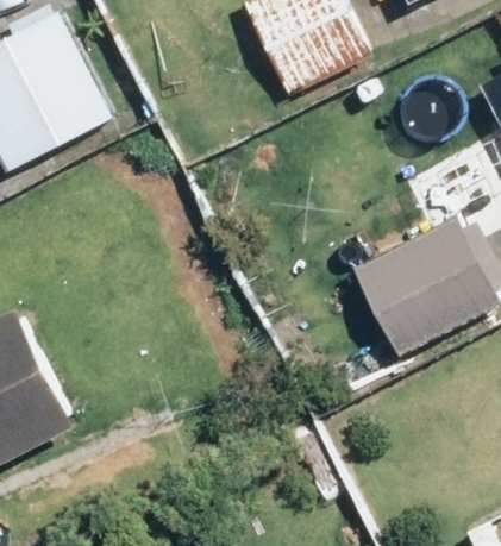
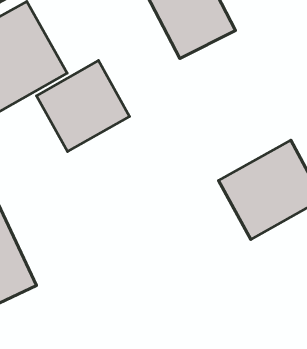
building: none -> [36,61,129,152]

